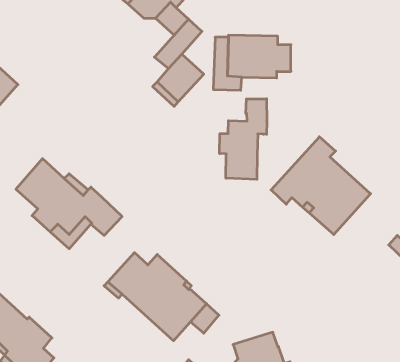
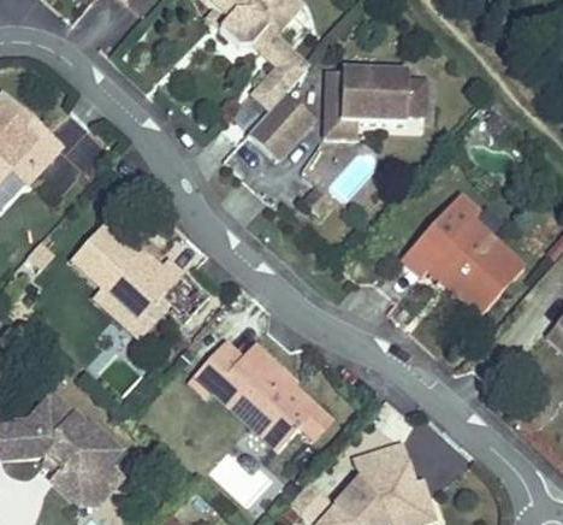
building: [220,99,267,179] -> none

